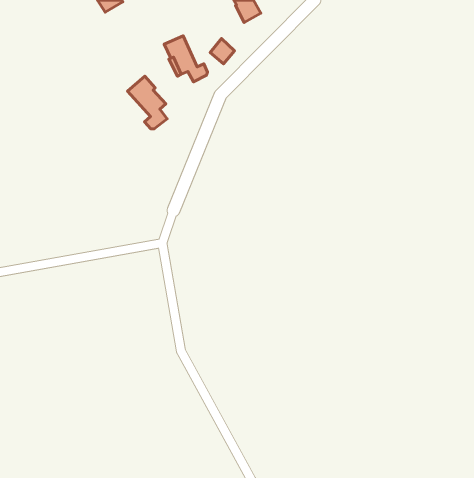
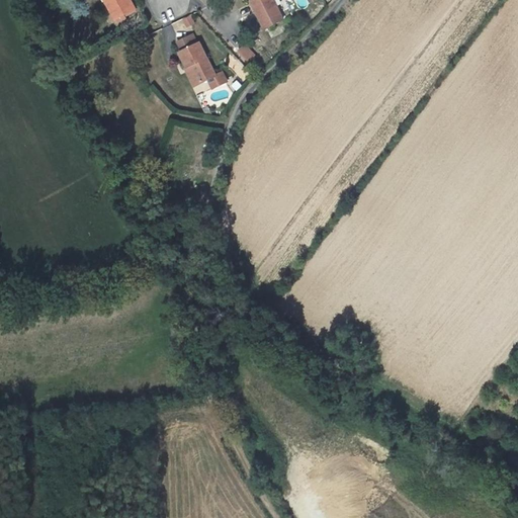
building: [127,76,167,129] -> none

